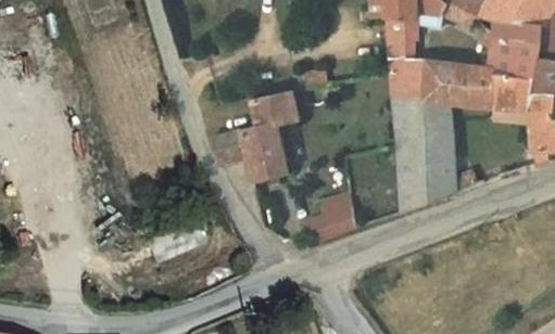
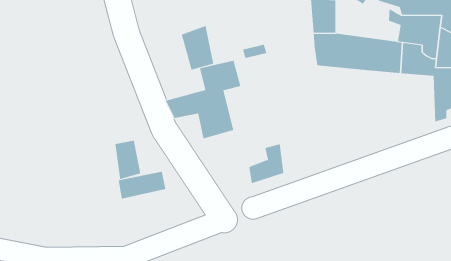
building: none -> [181,25,214,70]
building: [390,95,455,209] -> none
building: none -> [115,140,141,180]

